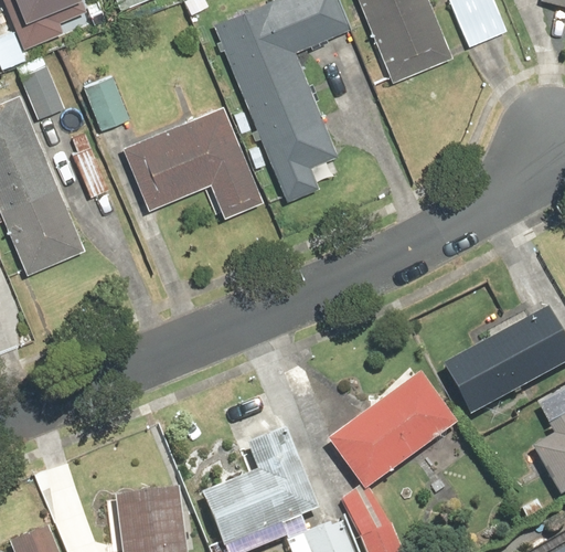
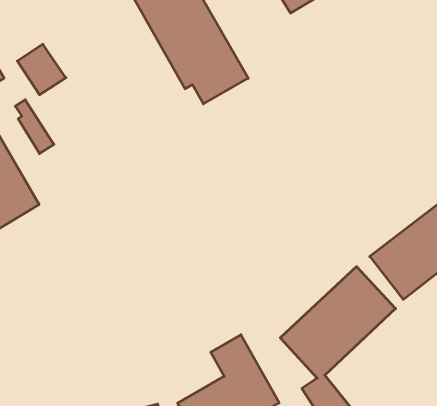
building: [121,106,263,220] -> none

